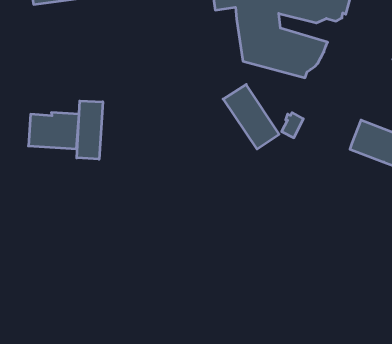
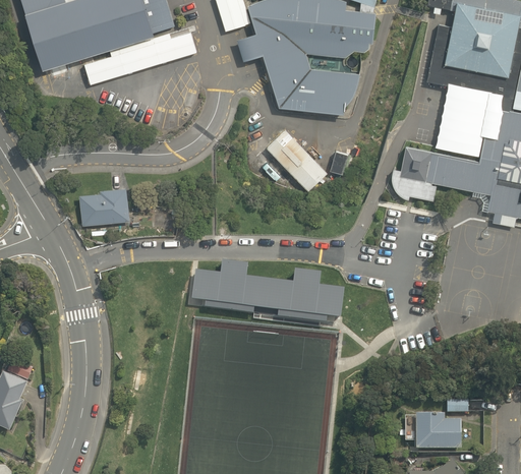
building: [77,101,103,159] -> none
building: none -> [391,168,437,200]
building: none -> [190,257,344,320]

